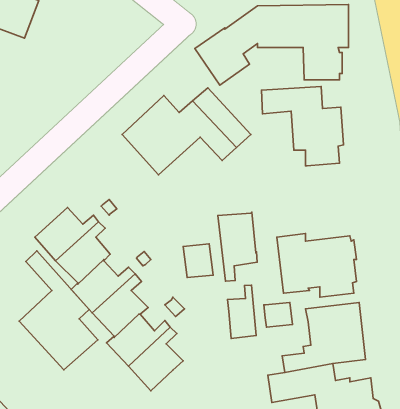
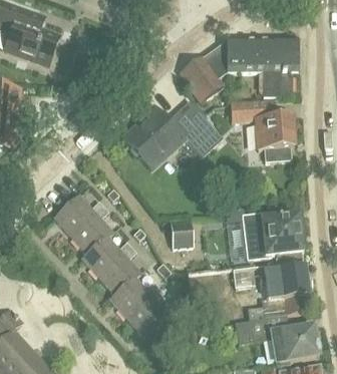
building: [218,212,257,281] -> none
building: [19,251,98,370] -> none
building: [227,285,256,339] -> none

